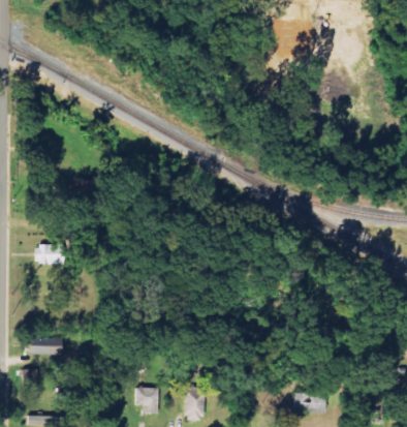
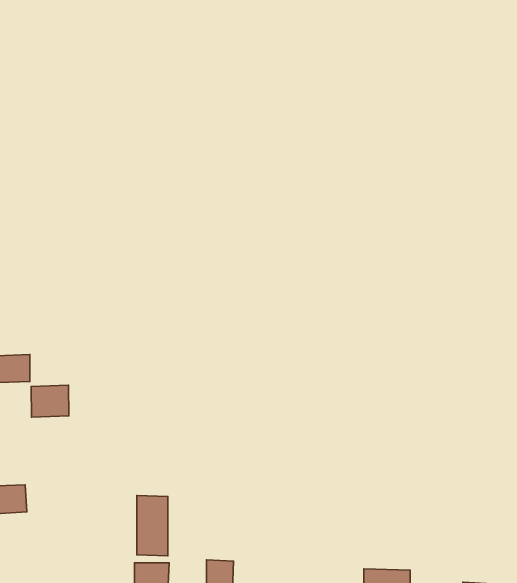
building: none -> [31,385,69,417]
building: none -> [137,495,168,556]

